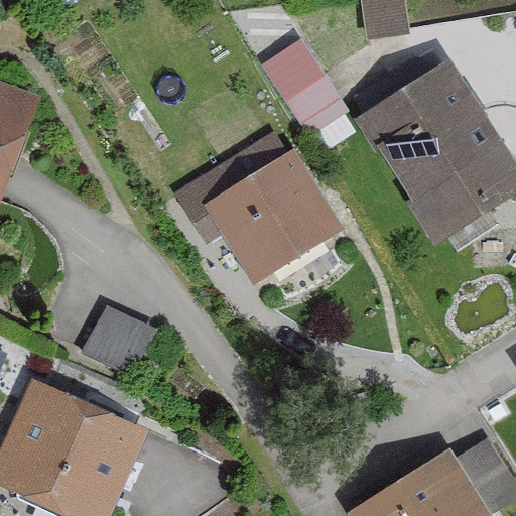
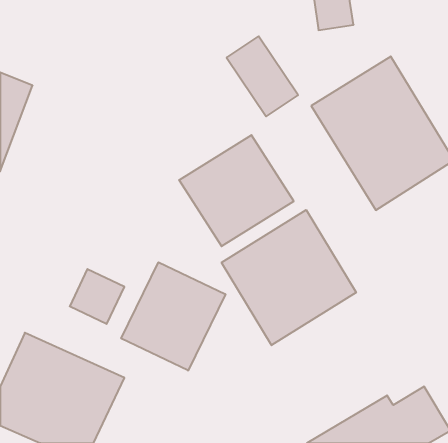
building: none -> [222,210,356,345]
building: none -> [121,262,225,371]

